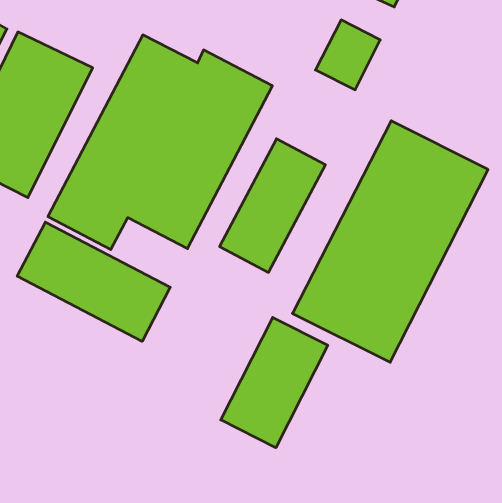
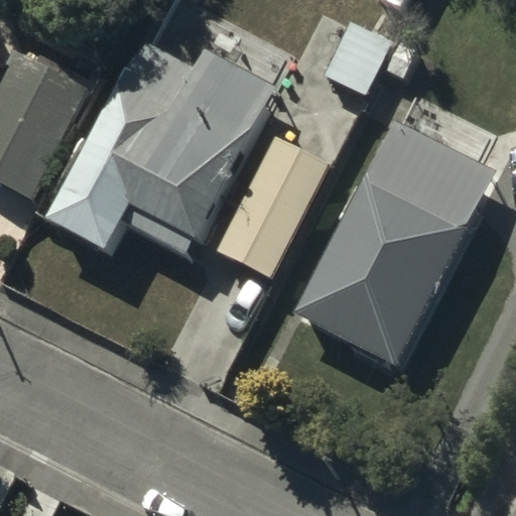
building: [17,222,170,341] -> none
building: [221,317,328,448] -> none

